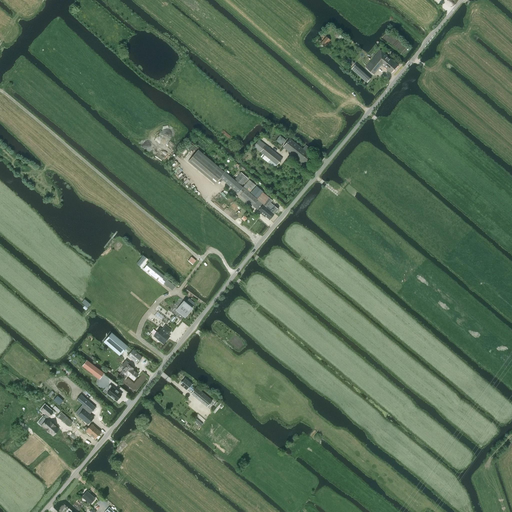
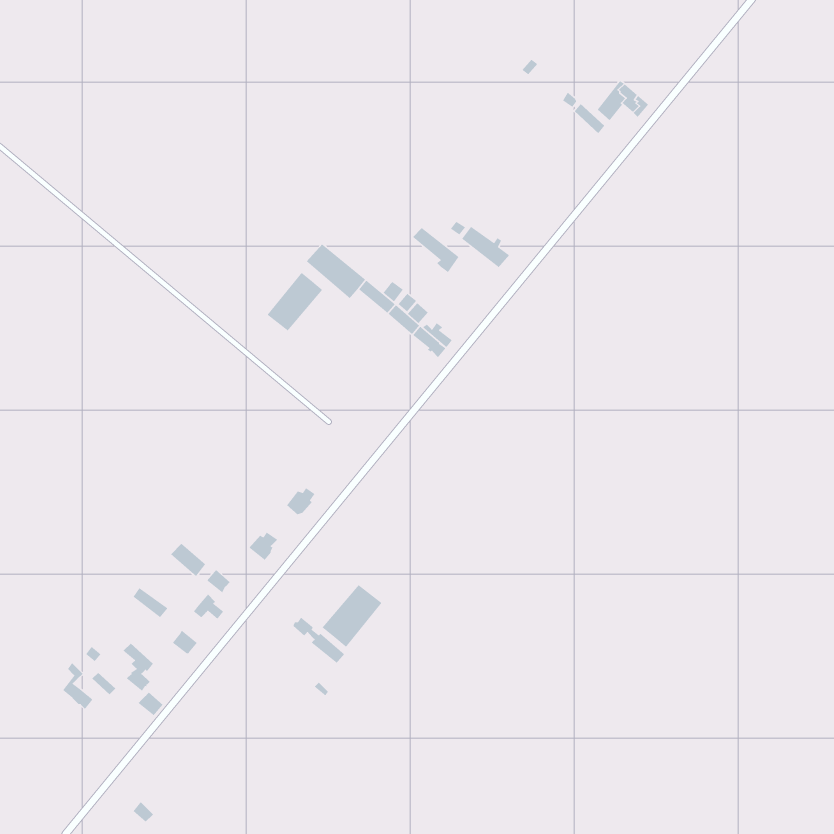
building: none -> [266,272,323,331]
building: none -> [322,584,382,648]

